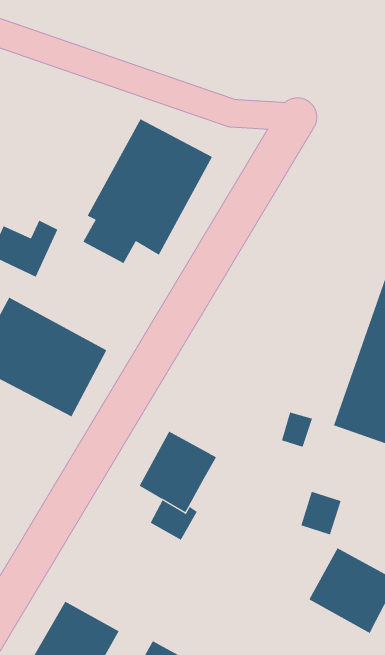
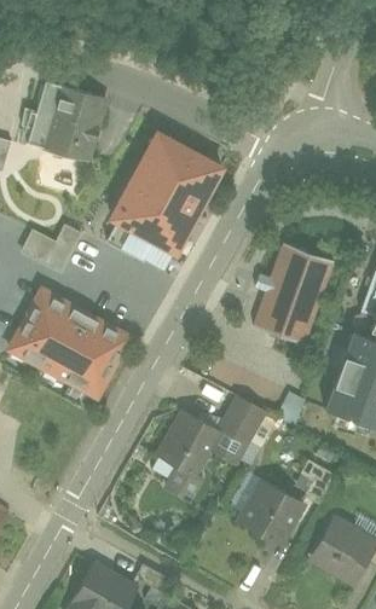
building: none -> [40,88,103,161]
building: none -> [254,243,342,347]
building: none -> [212,394,267,465]
building: none -> [237,477,308,546]

